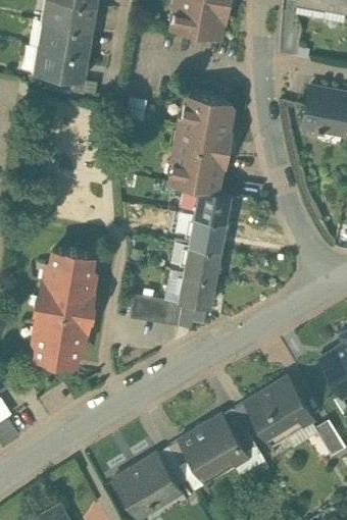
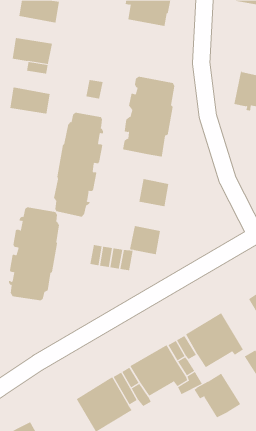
building: [42,23,91,56] -> [10,87,51,114]
building: none -> [54,112,104,218]
building: [194,189,232,223] -> none
building: [184,245,220,279] -> none
building: none -> [194,373,241,418]

